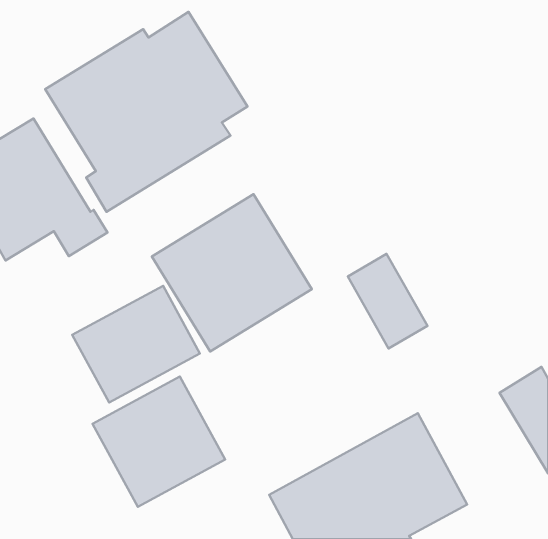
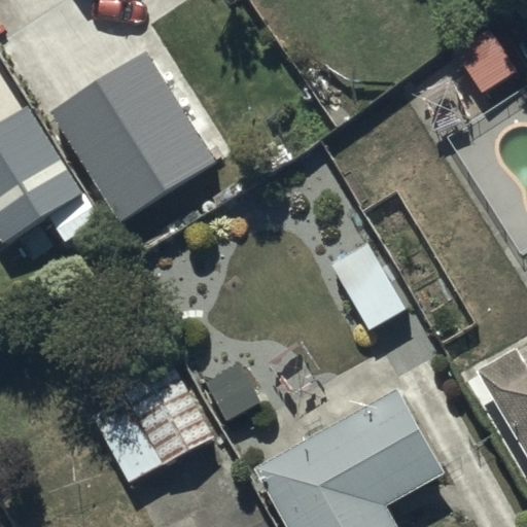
building: [152,194,312,352] -> none
building: [72,286,200,403] -> none

